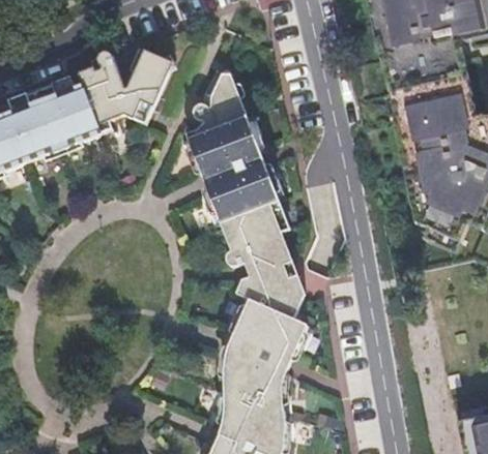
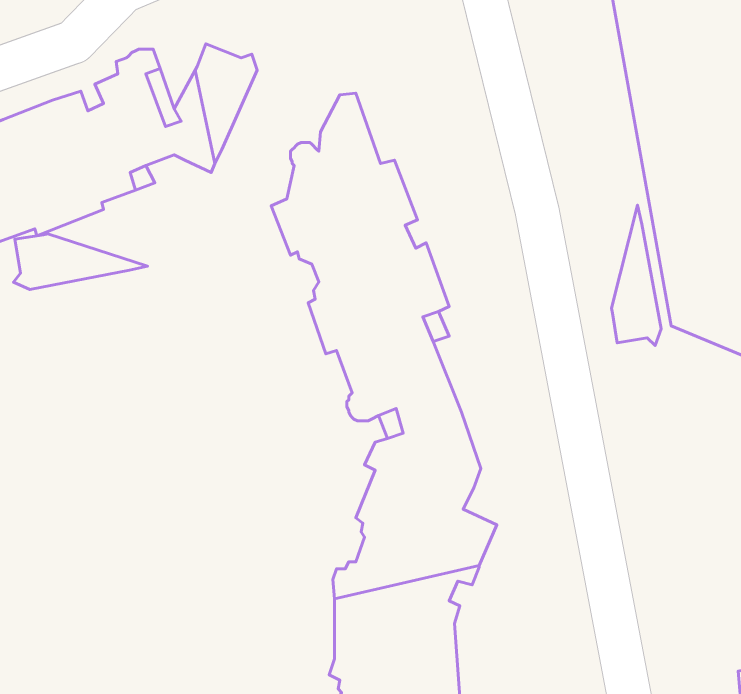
building: none -> [611,205,661,346]
building: none -> [13,234,148,289]

